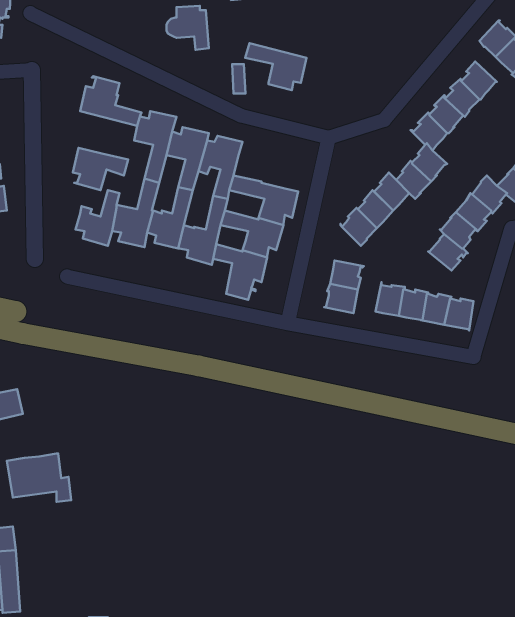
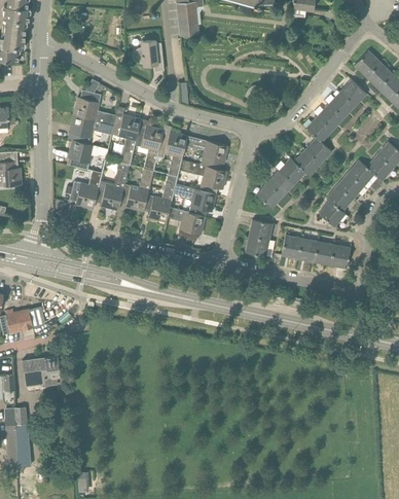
building: [245,43,307,90] -> [184,136,227,169]
building: none -> [69,114,113,144]

